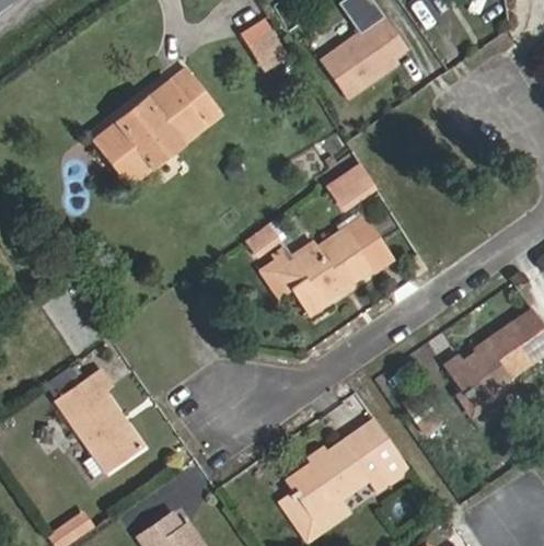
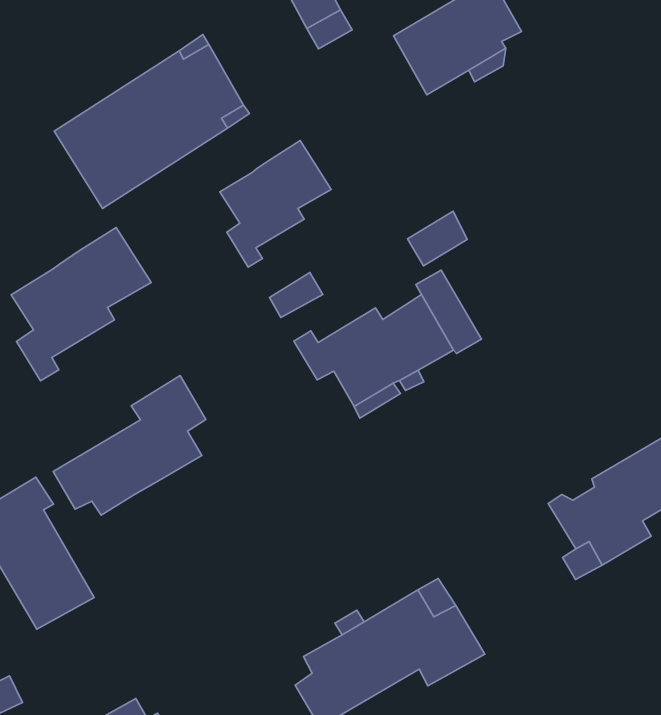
building: none -> [220,141,331,267]
building: none -> [11,227,151,381]
building: none -> [53,375,206,515]

